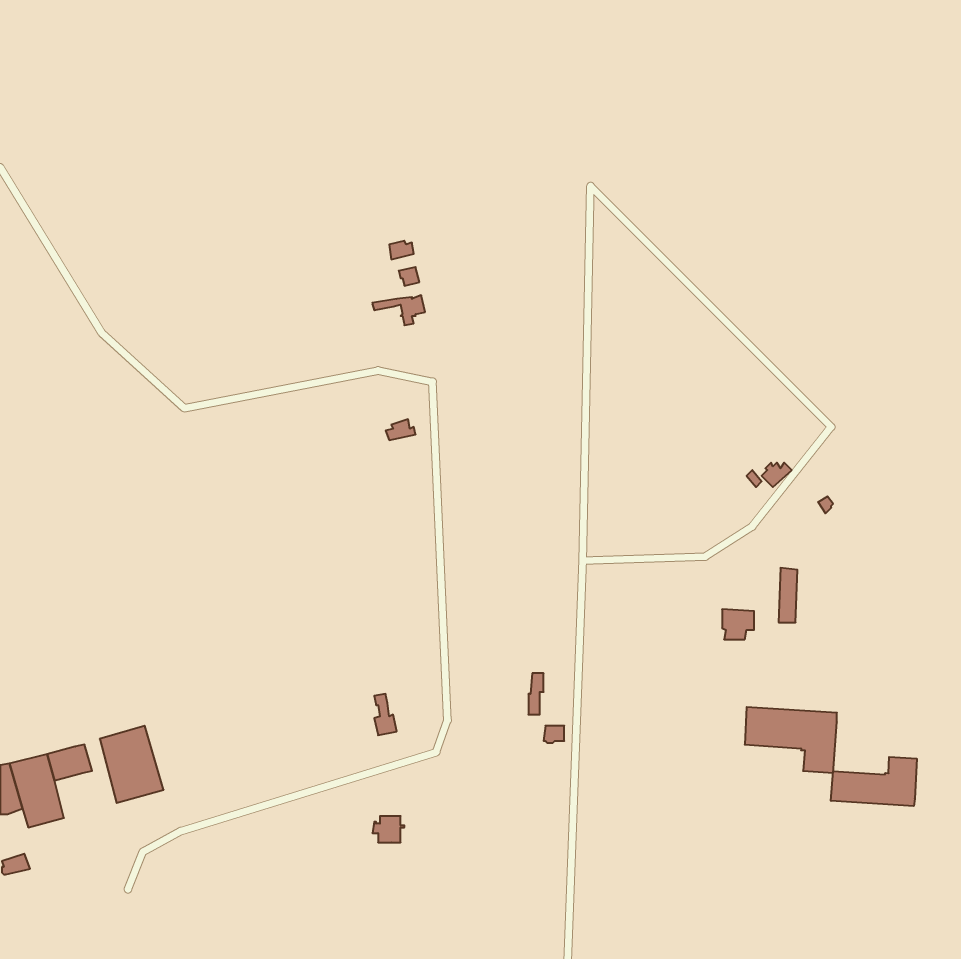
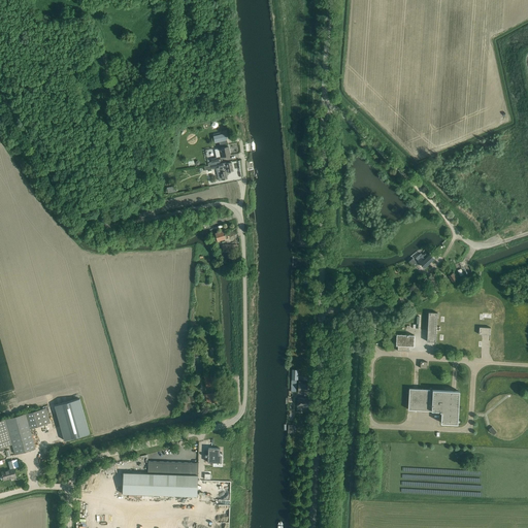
building: [831,757,917,806] -> none
building: none -> [123,462,198,497]

